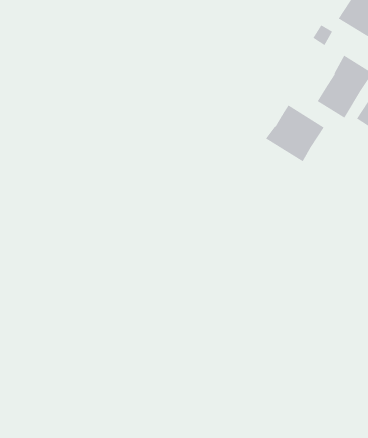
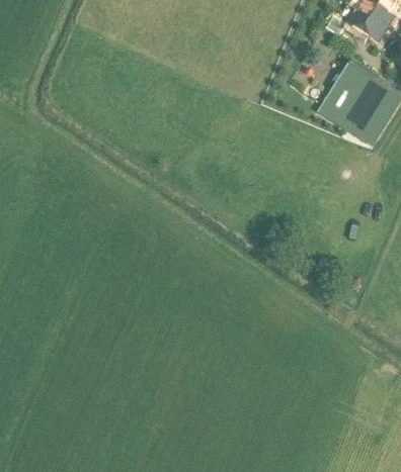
building: [265,104,325,162] -> none

